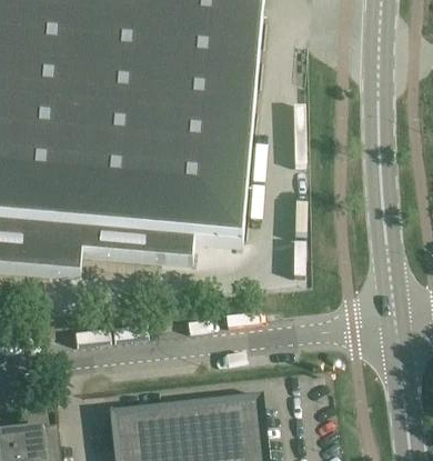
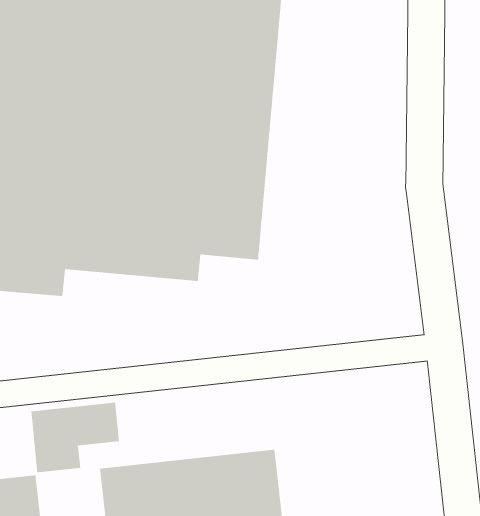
building: none -> [31,402,119,473]

